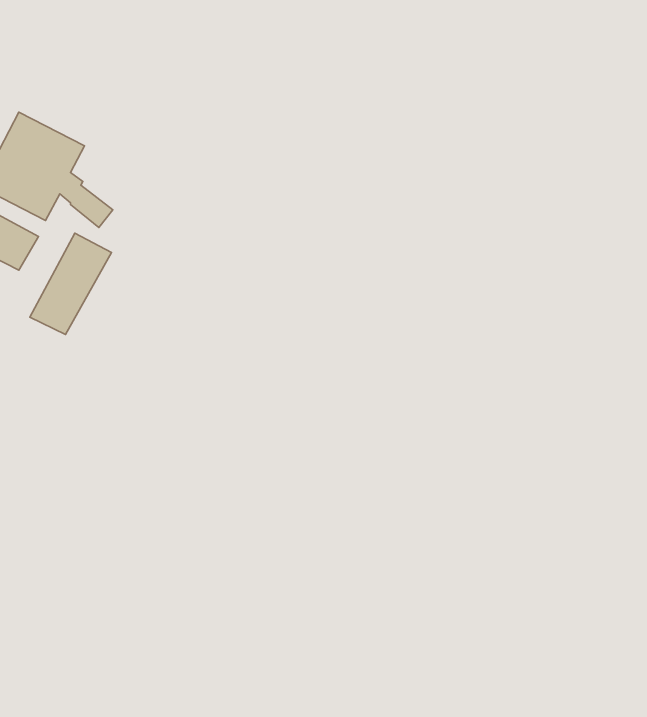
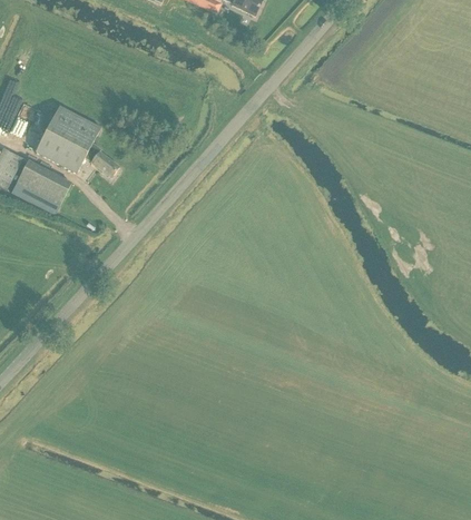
building: [30,233,111,335] -> none

